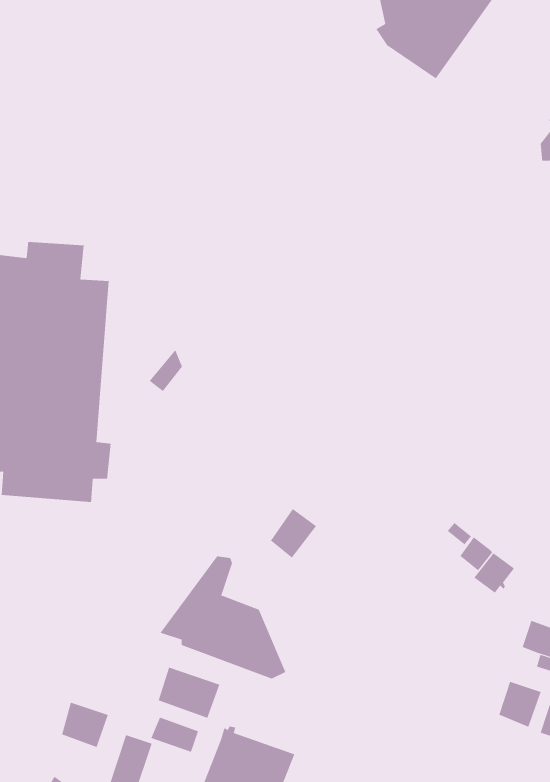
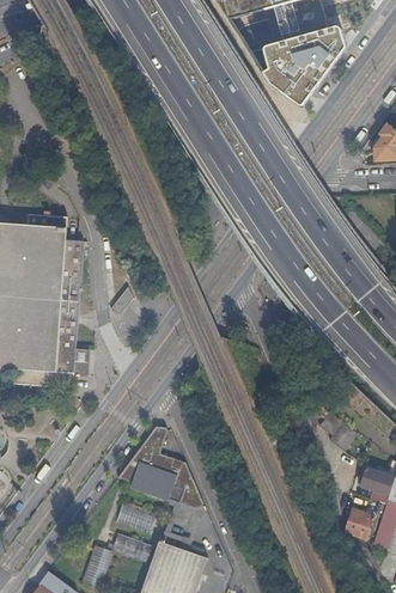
building: [270,508,317,559] -> none
building: [61,702,108,748] -> none

